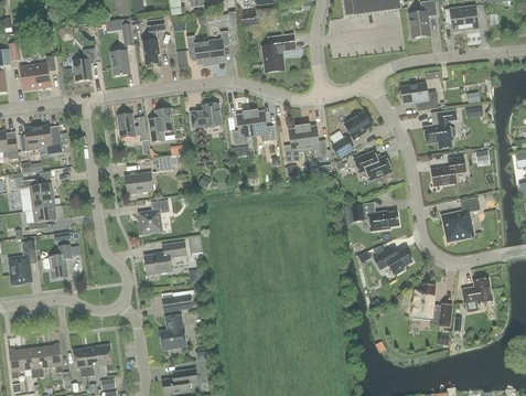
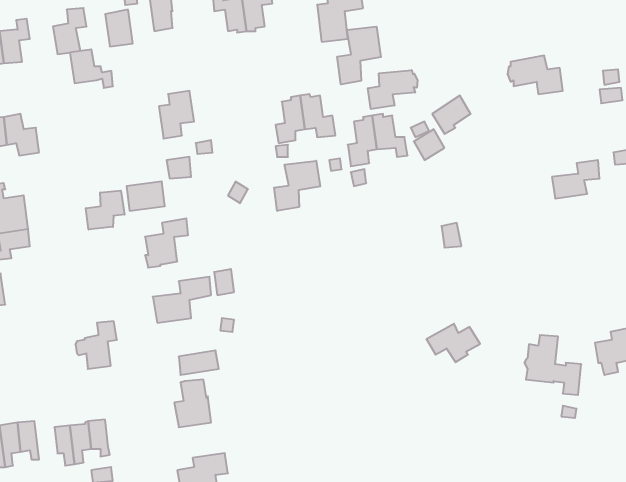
building: none -> [337,27,381,84]
building: none -> [368,70,418,109]
building: [190,103,221,127] -> none
building: [422,109,457,148] -> none
building: [116,113,147,140] -> [70,49,113,88]
building: [353,151,390,179] -> none
building: none -> [274,161,320,211]
building: none -> [86,191,125,230]
building: [441,196,479,240] -> none
building: [367,210,398,231] -> none
building: [42,244,72,278] -> [75,321,117,369]
building: [373,246,411,274] -> [426,324,480,362]

